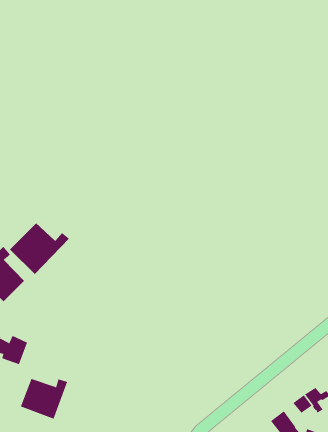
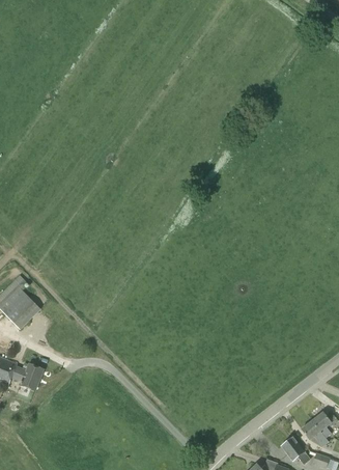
building: [9,222,70,275] -> none
building: [20,378,68,420] -> none

